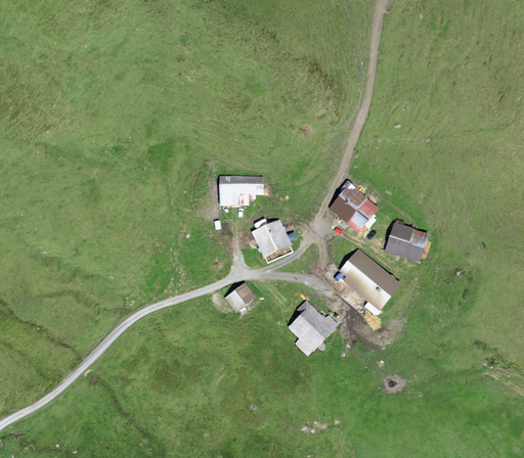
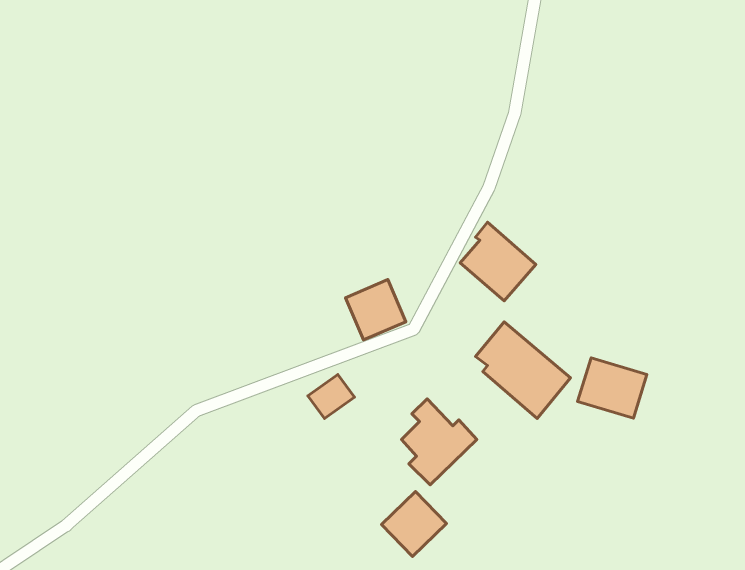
building: [218,174,263,207] -> none
building: [384,222,431,263] -> [578,358,647,418]
building: none -> [381,492,447,557]

